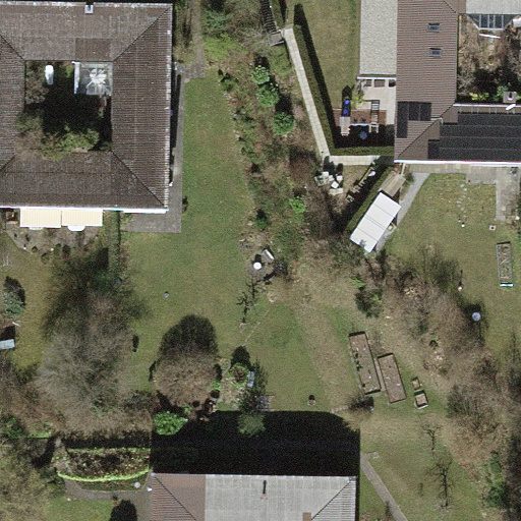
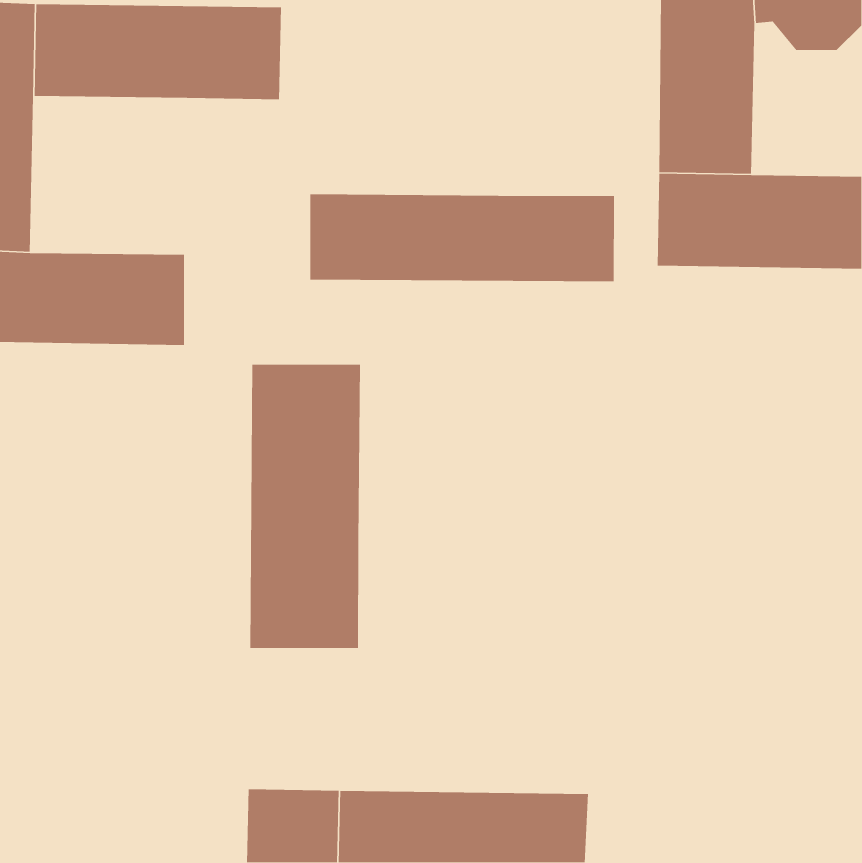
building: [111,59,168,209] -> none
building: none -> [309,193,615,282]
building: none -> [250,364,361,649]

